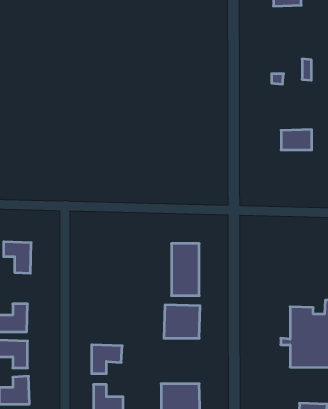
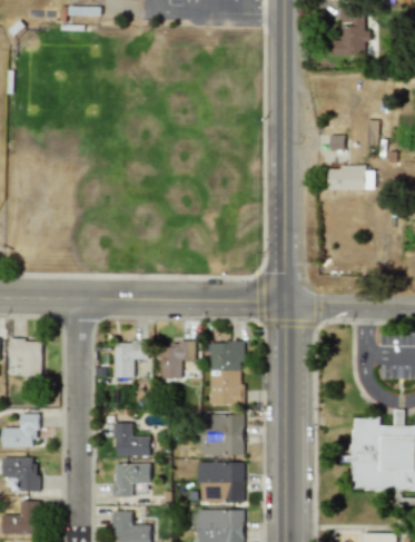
building: [281,130,312,150] -> [328,166,365,190]
building: none -> [113,342,148,378]
building: none -> [160,342,195,378]
building: none -> [113,423,150,456]
building: none -> [198,462,244,503]

